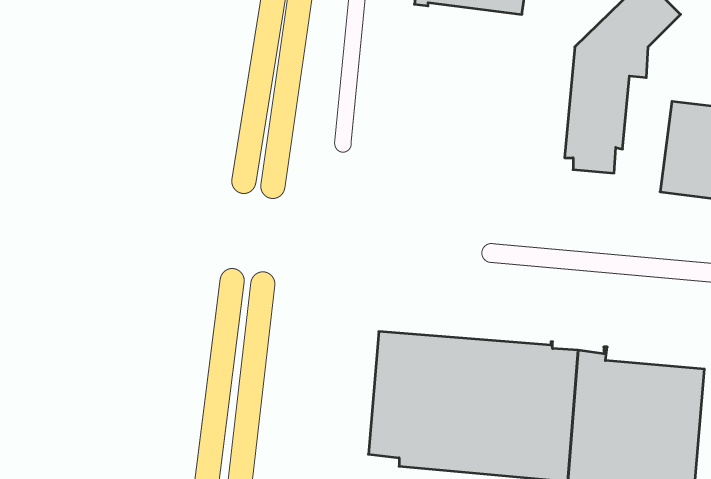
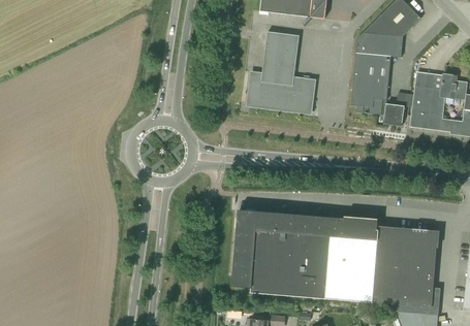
building: none -> [248,31,314,112]
building: none -> [383,92,405,126]

